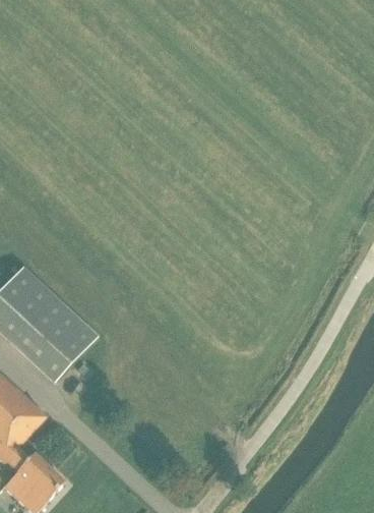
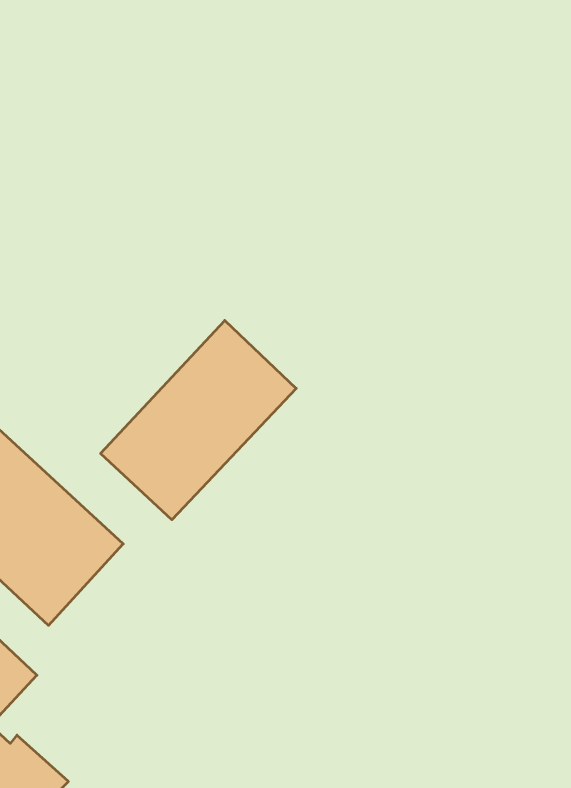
building: none -> [101,320,296,520]

